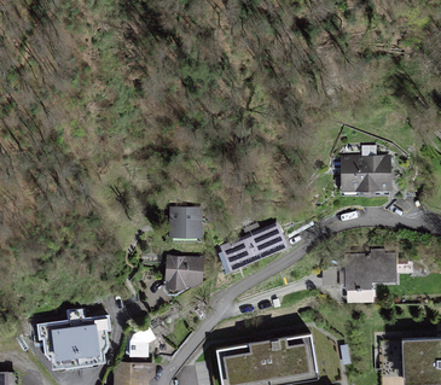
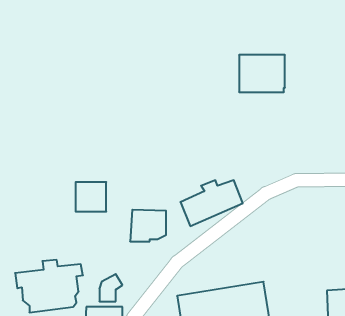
building: [341,154,391,196] -> [239,55,285,92]
building: [169,205,203,238] -> [76,182,106,212]
building: [344,249,396,290] -> none

